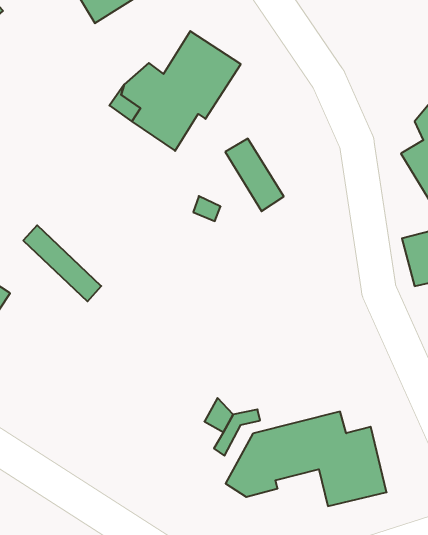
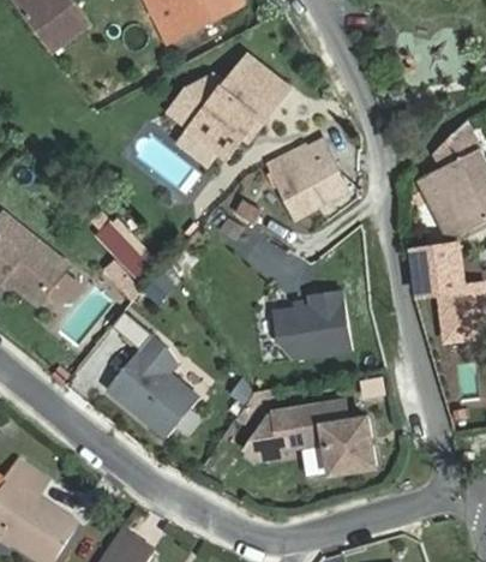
building: none -> [287,149,344,207]
building: none -> [271,288,350,359]
building: none -> [104,331,197,437]

